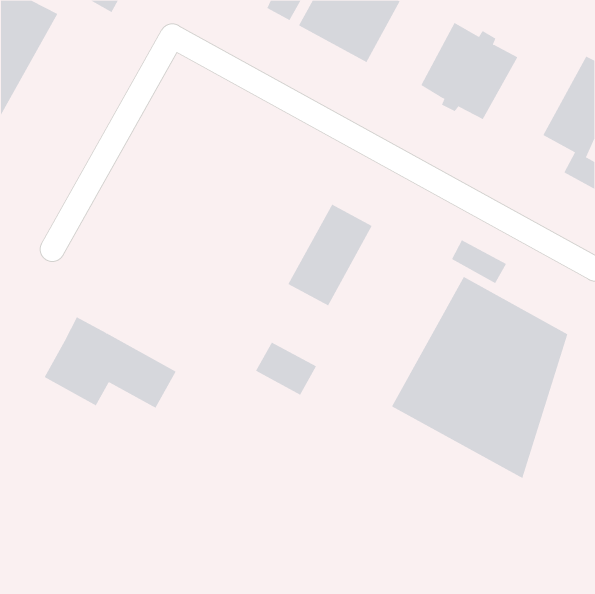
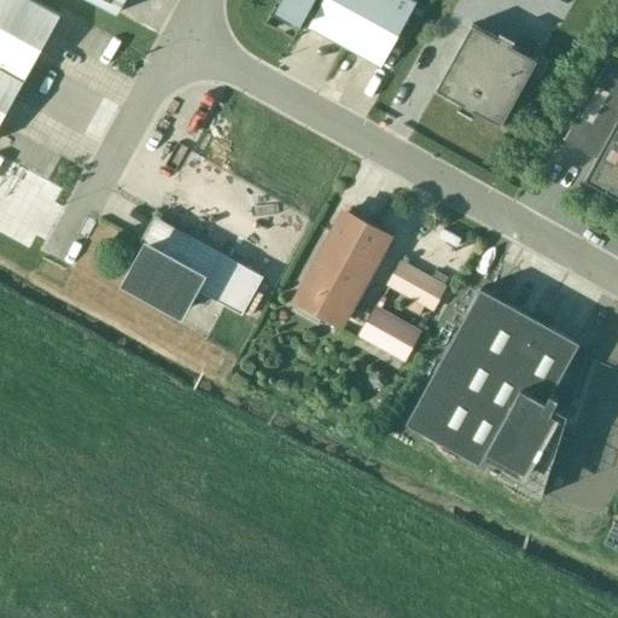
building: [451,240,507,284] -> [387,262,445,308]
building: [44,317,177,409] -> [126,220,263,315]
building: [255,342,317,395] -> [357,305,421,361]

